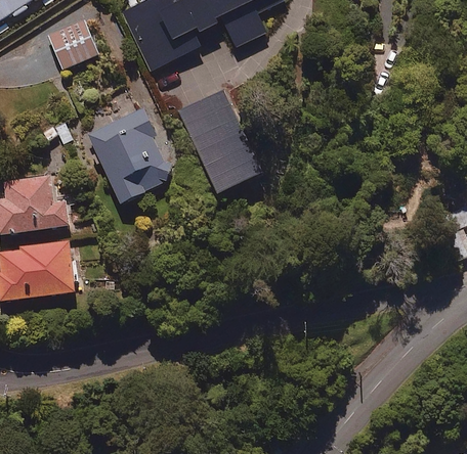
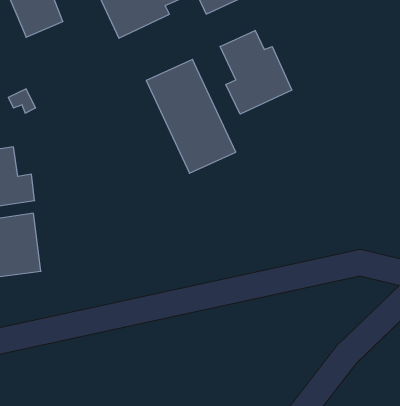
building: none -> [220,30,292,114]
building: [86,105,173,205] -> none

